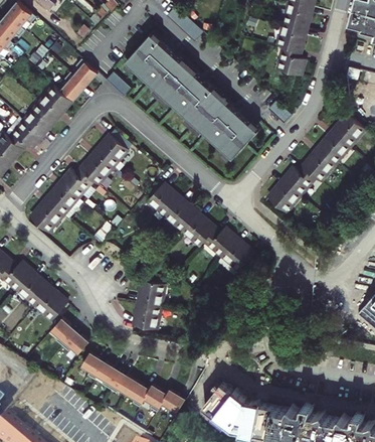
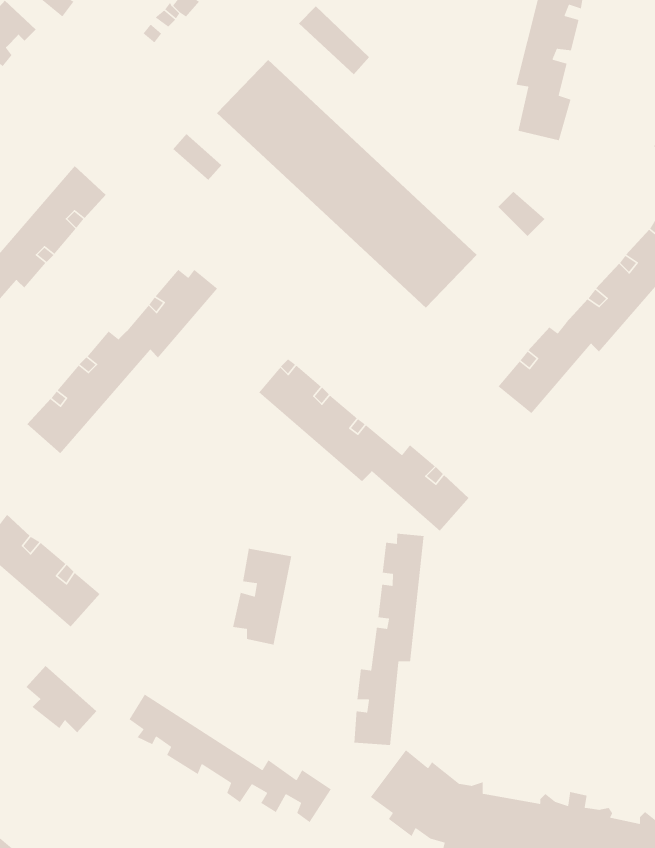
building: [60,58,96,99] -> none
building: none -> [353,533,425,746]
building: [52,319,88,353] -> [25,665,97,733]

